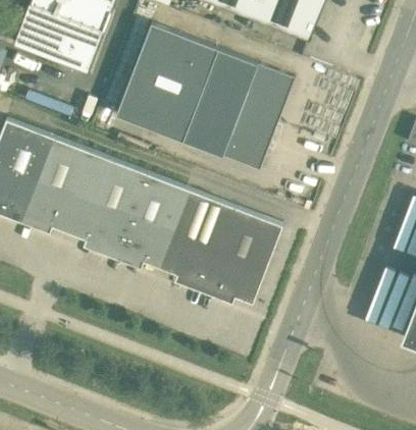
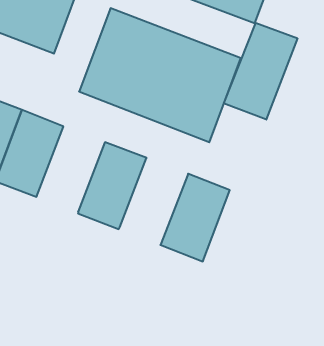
building: none -> [224,23,297,120]
building: [68,154,144,250] -> none
building: [159,189,236,284] -> none

